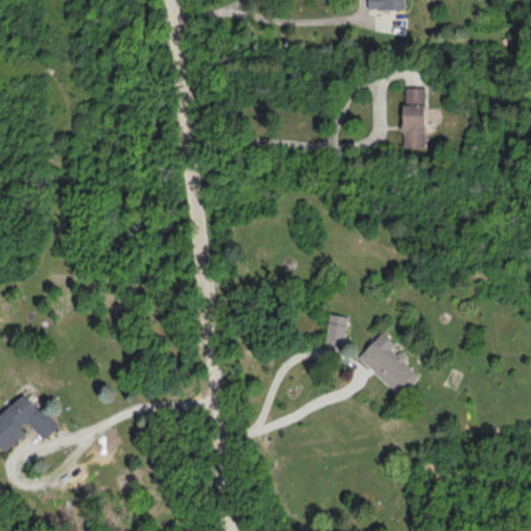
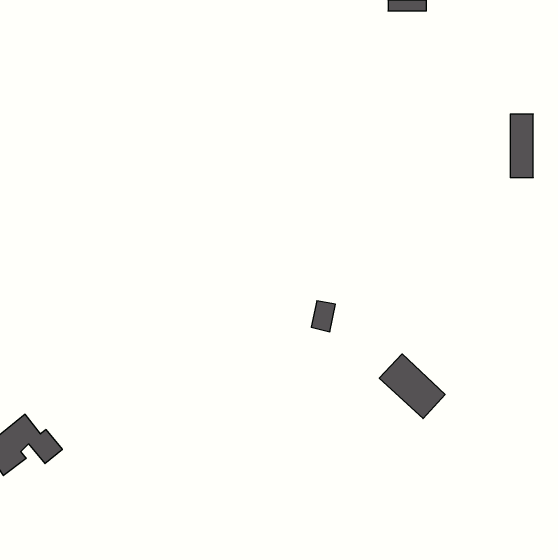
building: [403,88,425,148] -> [510,114,533,178]
building: [325,315,347,344] -> [311,301,335,332]

